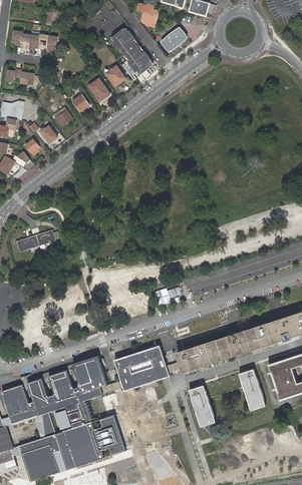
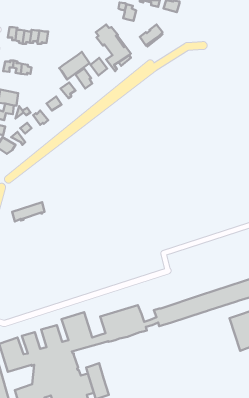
building: none -> [59,52,90,79]
building: [240,370,266,411] -> none
building: [190,386,216,427] -> none

